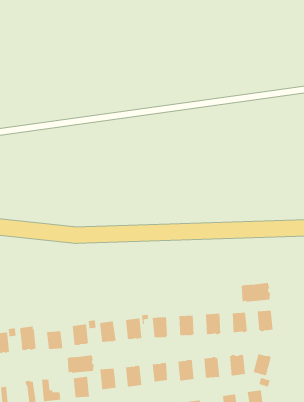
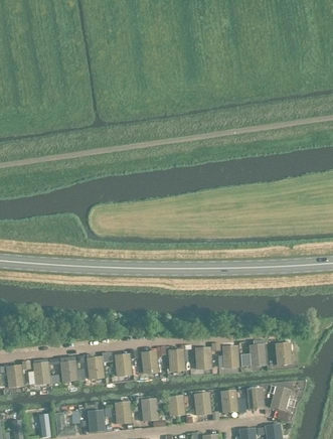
building: [241,282,271,303] -> none
building: [67,355,94,374] -> none

